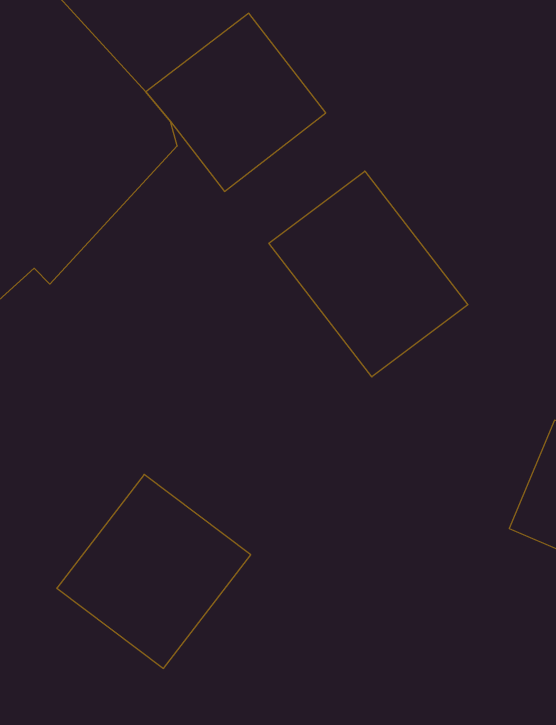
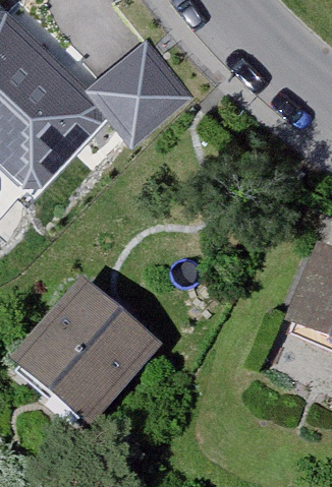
building: [269,171,468,377] -> none

